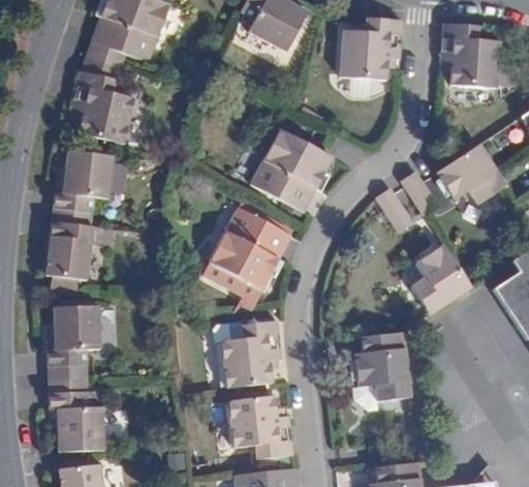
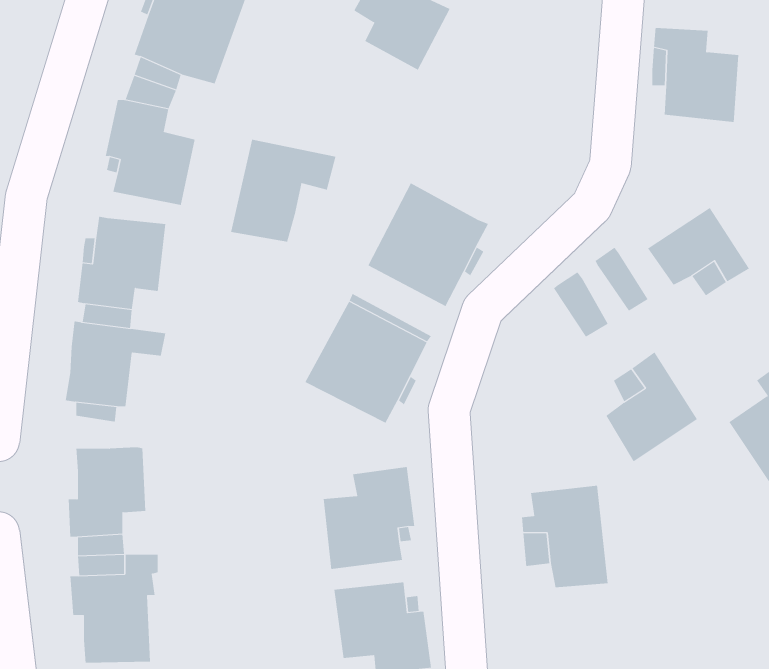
building: [339,17,402,80] -> none
building: none -> [231,139,336,242]

